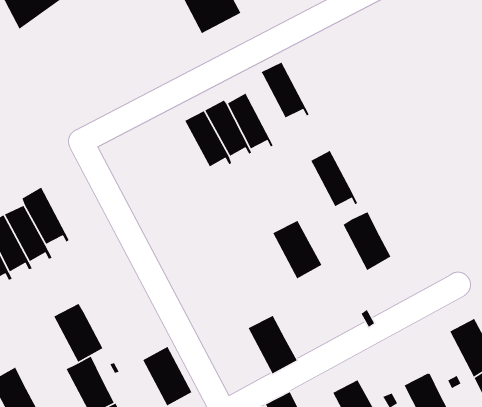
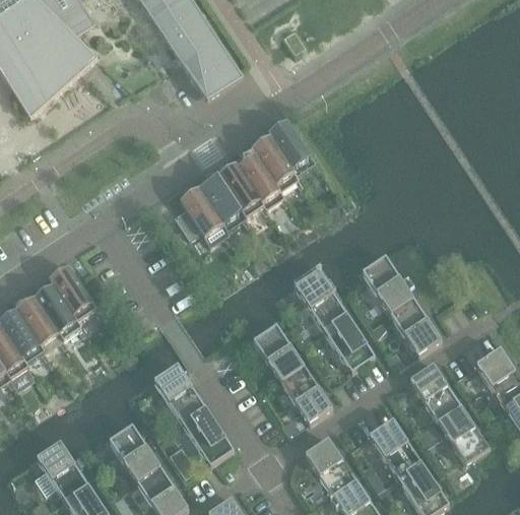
building: none -> [174,186,228,237]
building: [310,150,358,207] -> [251,134,302,189]
building: none -> [390,297,441,355]
building: none -> [323,312,375,370]
building: none -> [253,323,304,380]
building: [53,303,103,363] -> [153,364,205,422]
building: none -> [409,363,460,420]

